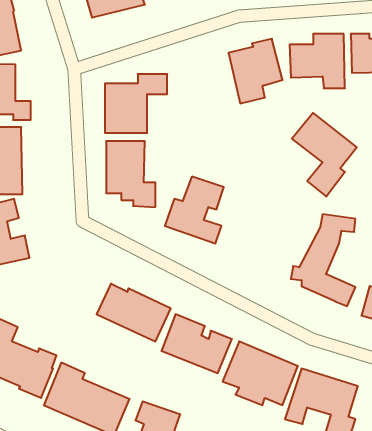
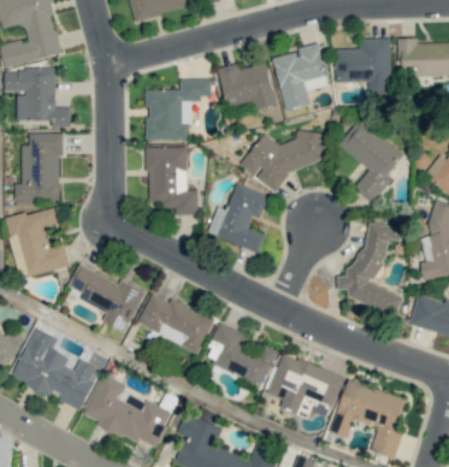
building: none -> [218,63,276,110]
building: none -> [240,131,324,191]
building: none -> [69,265,144,333]

